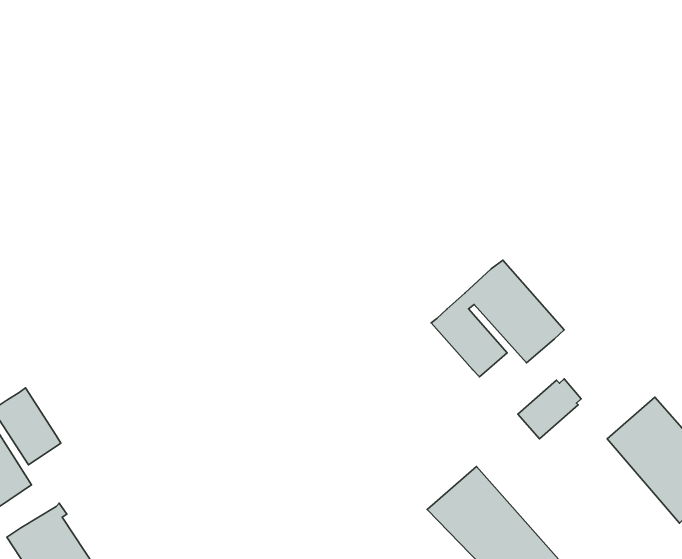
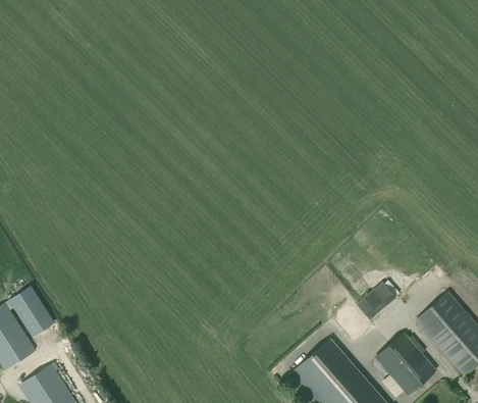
building: [431,260,564,377] -> none
building: none -> [376,334,435,394]

